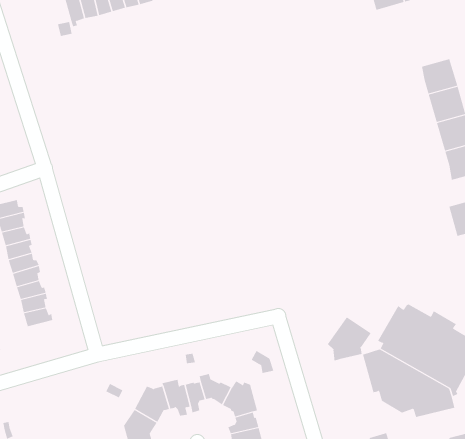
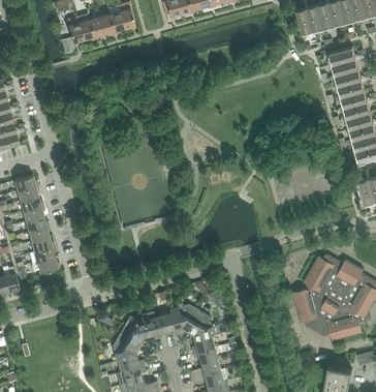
building: none -> [331,48,358,77]
building: [327,317,371,361] -> none

